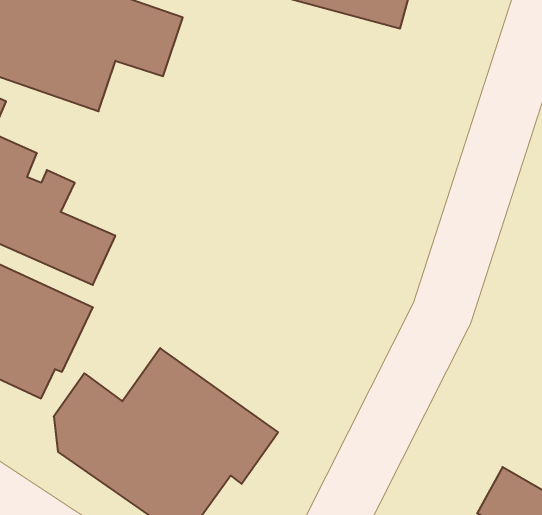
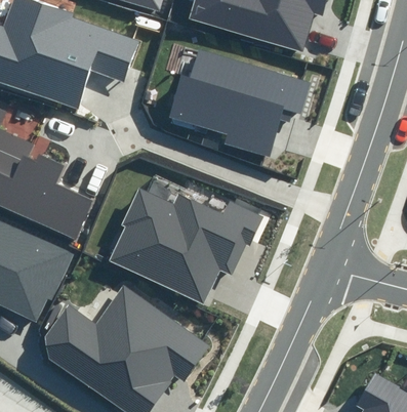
building: none -> [171,49,312,158]
building: none -> [110,189,266,303]

